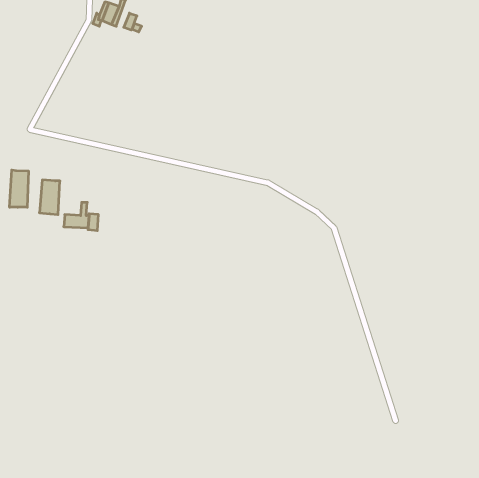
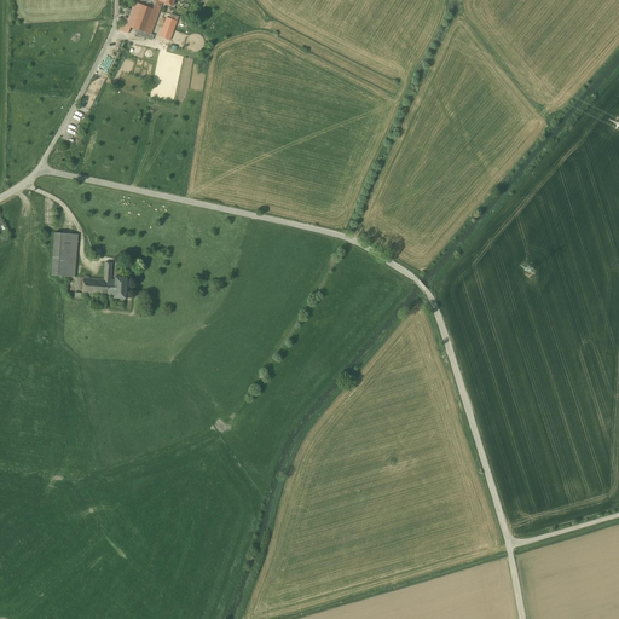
building: [10,170,28,207] -> none

